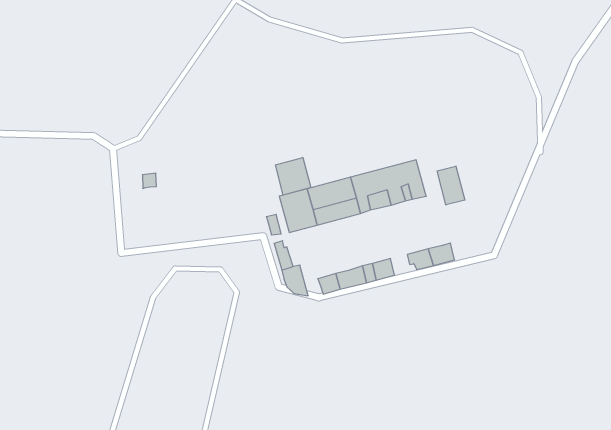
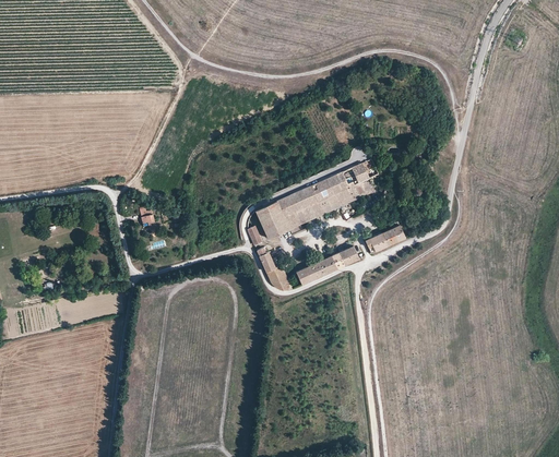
building: [275,157,311,195] -> none
building: [437,166,465,205] -> none

